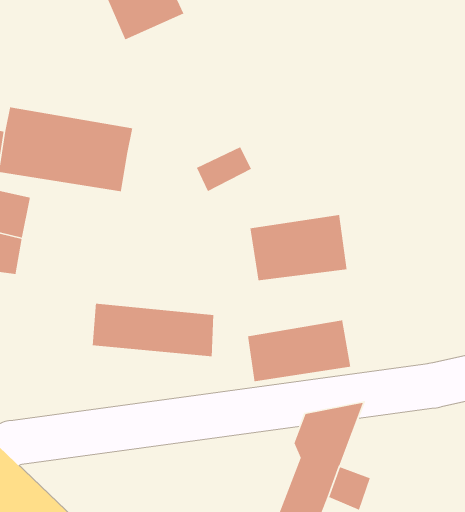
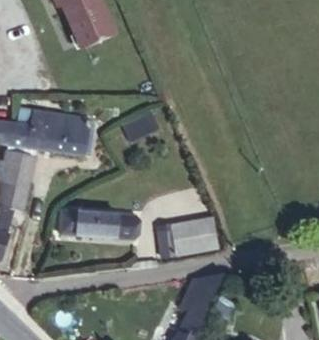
building: [249,214,347,281] -> none

